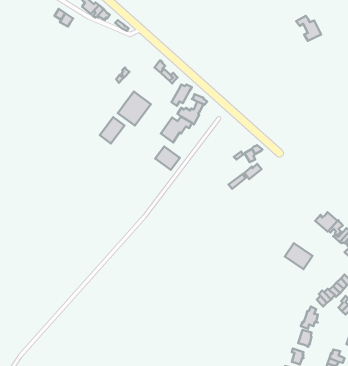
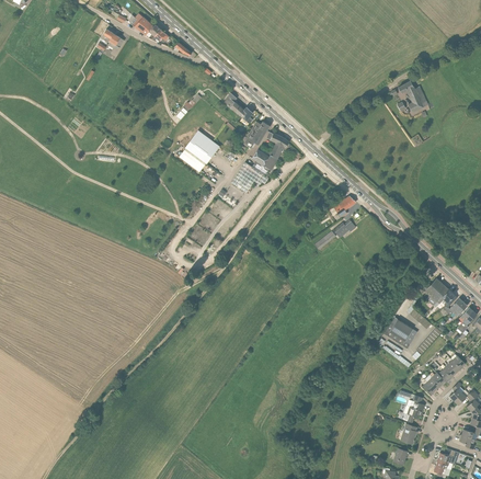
building: [296,16,321,41] -> [398,81,428,112]
building: [100,117,124,144] -> none
building: [155,146,180,170] -> none

